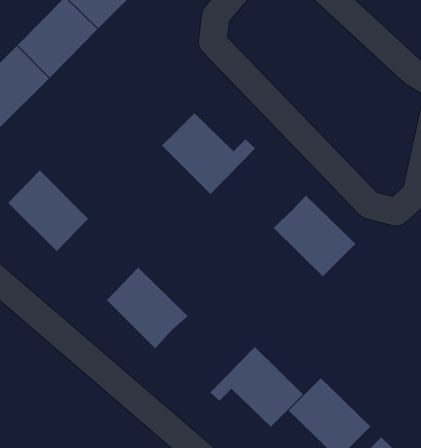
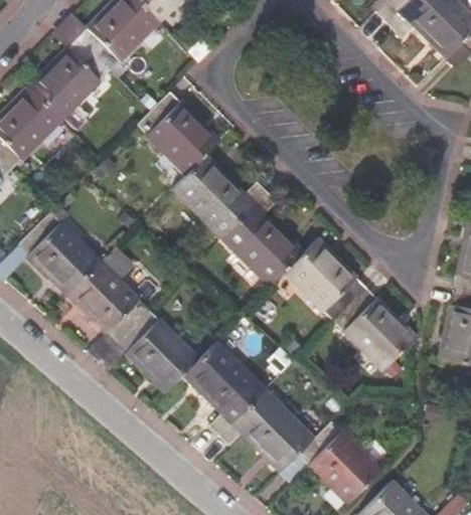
building: none -> [137,93,219,175]
building: none -> [221,192,303,287]
building: none -> [67,263,149,344]
building: none -> [334,288,417,370]
building: none -> [183,342,266,437]

